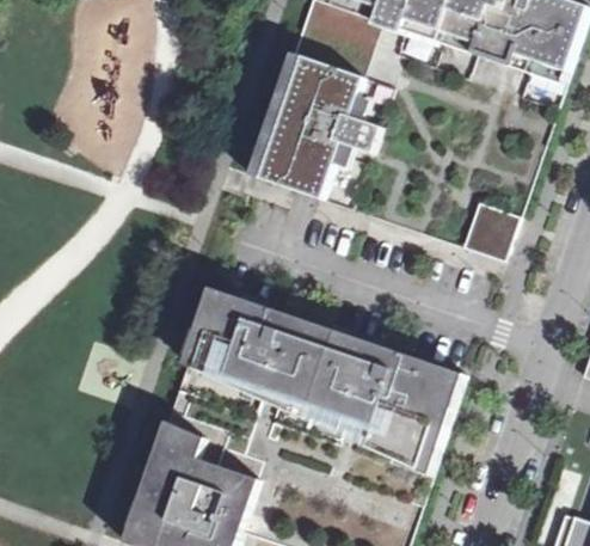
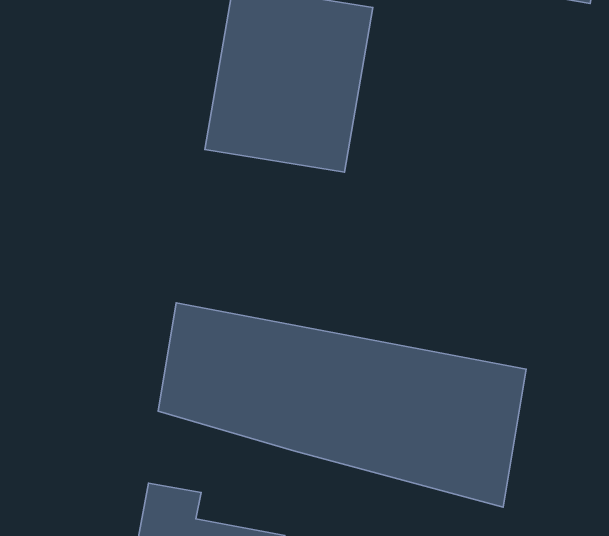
building: [462,201,516,257] -> none

